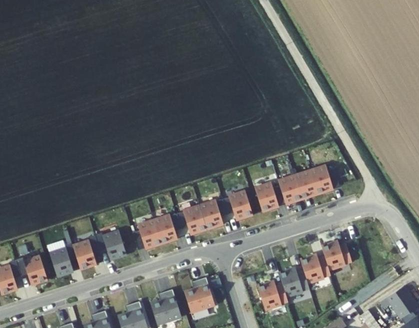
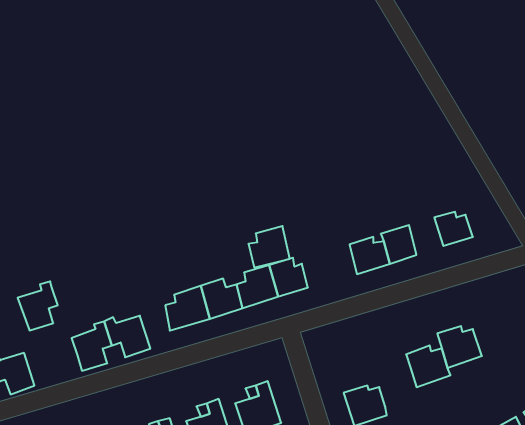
building: [300,169,323,194] -> none
building: [228,188,256,216] -> [248,226,290,268]
building: [50,246,77,279] -> [18,281,58,330]
building: [277,269,307,296] -> none

